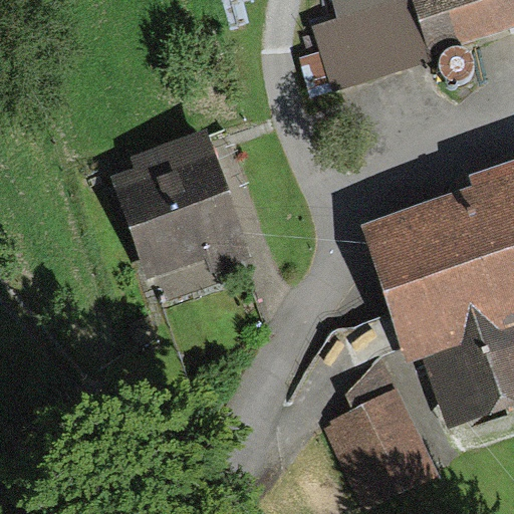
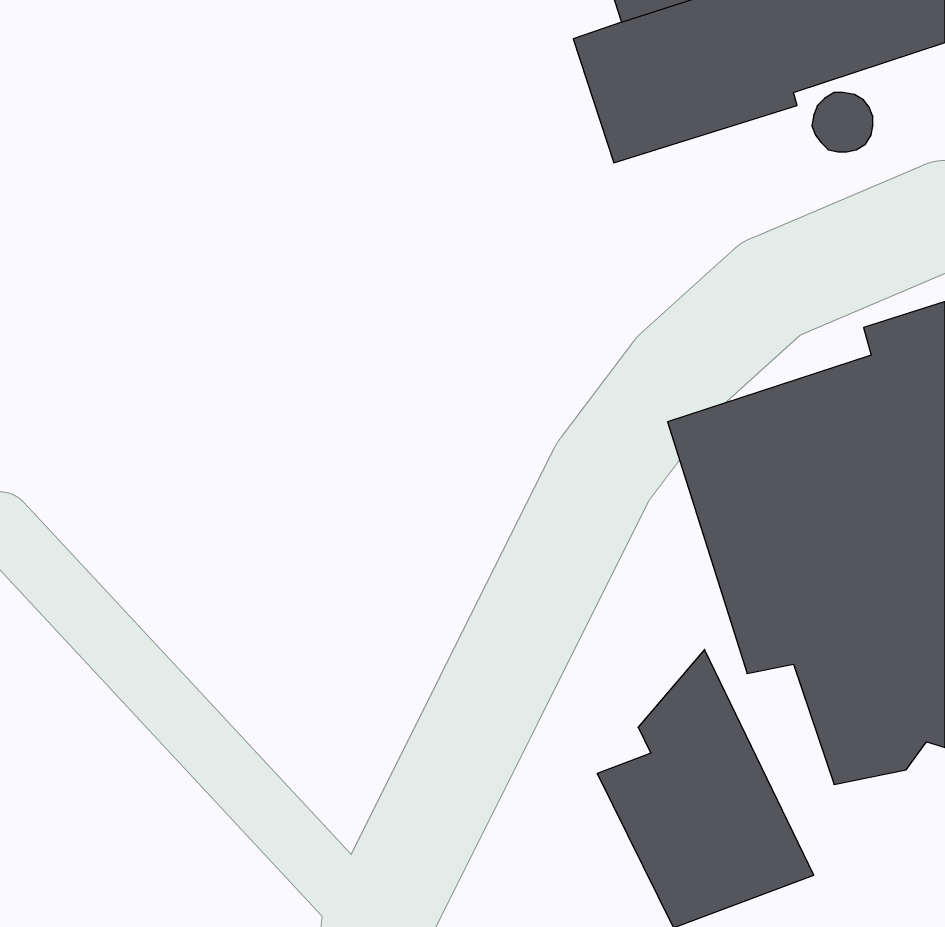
building: [112,130,252,278] -> none

